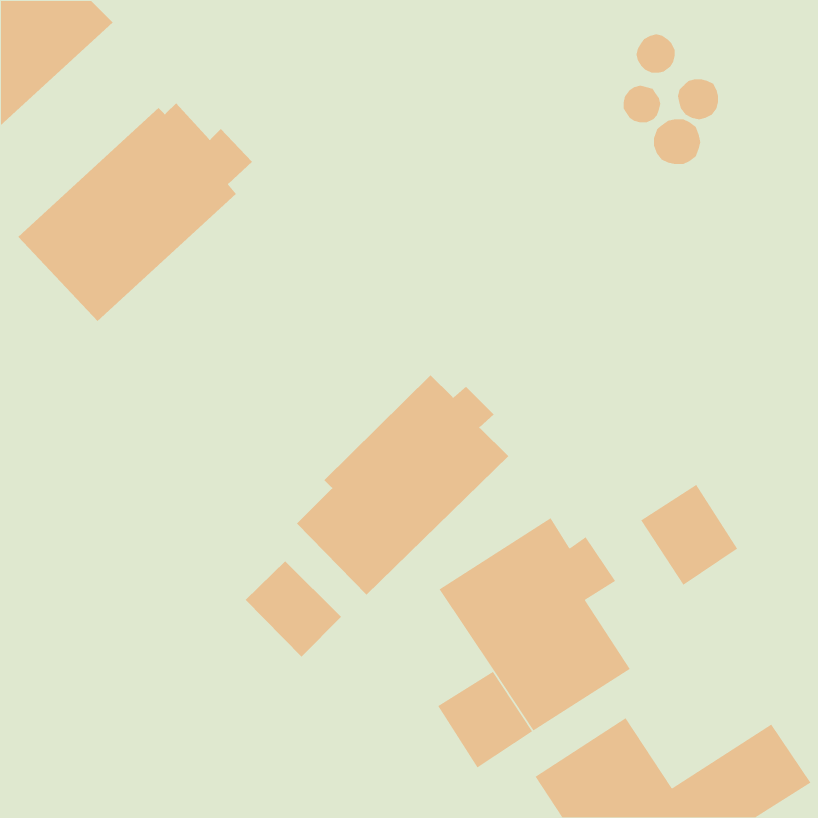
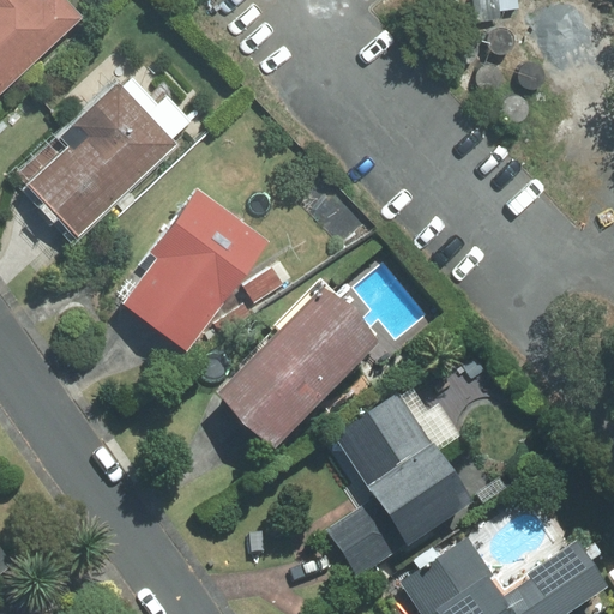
building: none -> [125,187,269,350]
building: [640,484,738,586] -> none
building: [245,561,342,658] -> none

